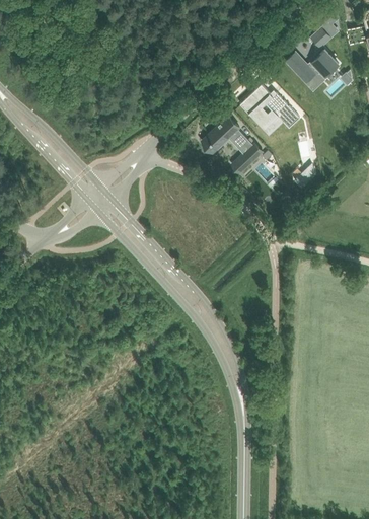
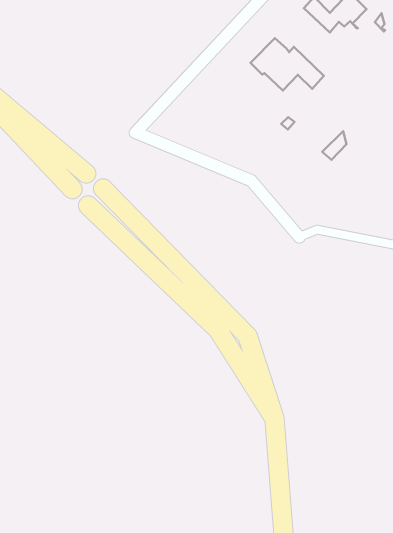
building: [201,116,263,173] -> none

